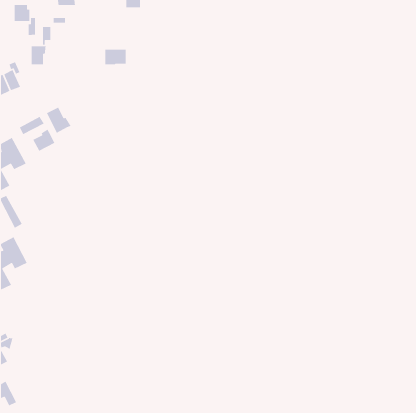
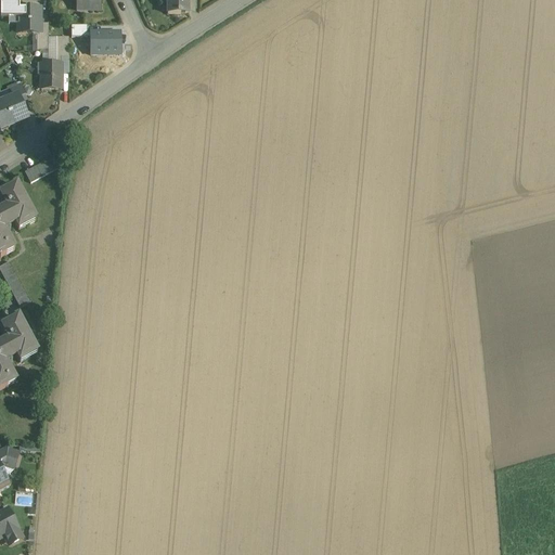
building: [105,49,127,65] -> [91,30,120,52]
building: [46,106,71,134] -> none
building: [32,128,55,152] -> none

